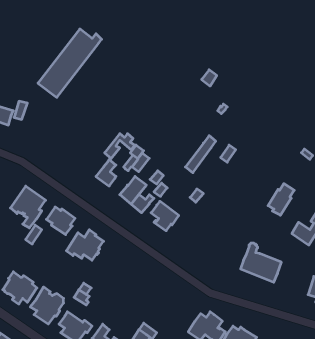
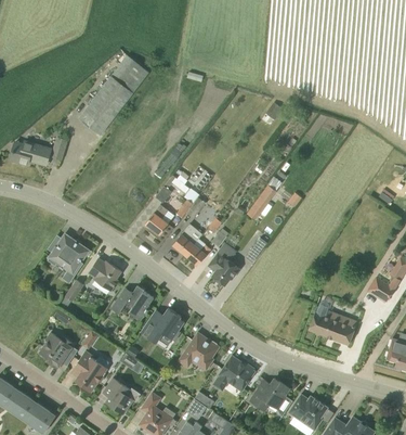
building: [268,184,294,215] -> none
building: none -> [140,307,184,345]
building: none -> [179,332,219,370]
building: none -> [213,355,256,391]

